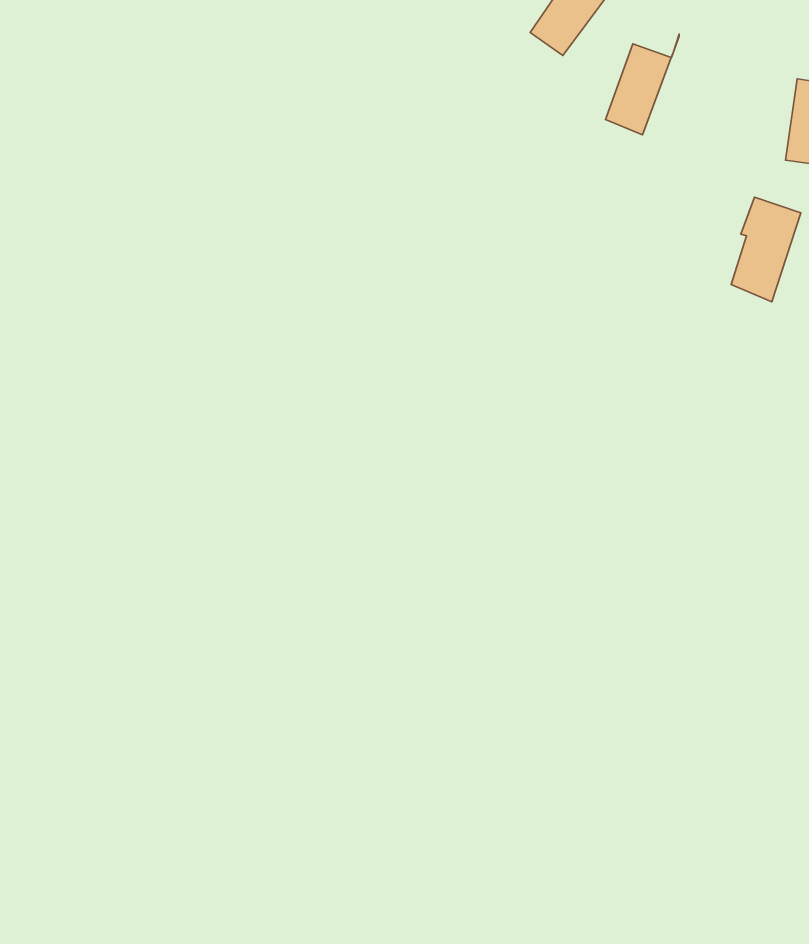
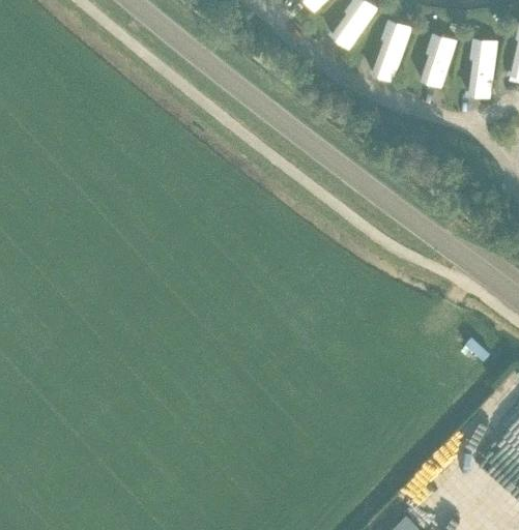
building: [731,197,801,302] -> [419,28,456,84]

